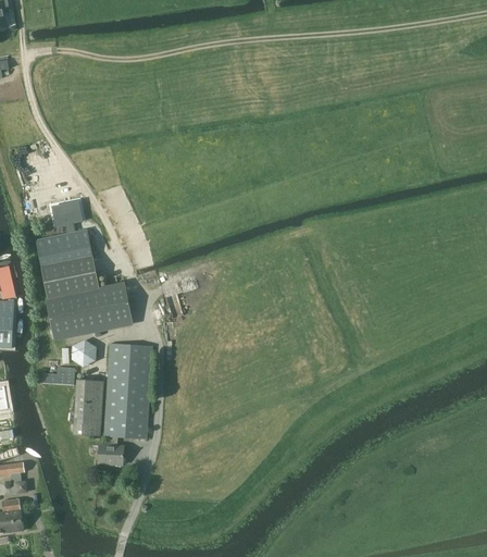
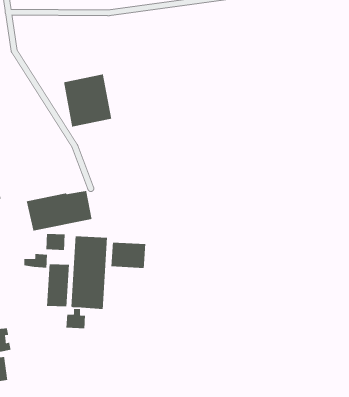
building: [50,198,85,225] -> none
building: [35,230,98,299] -> [63,74,112,127]
building: none -> [111,242,146,269]

